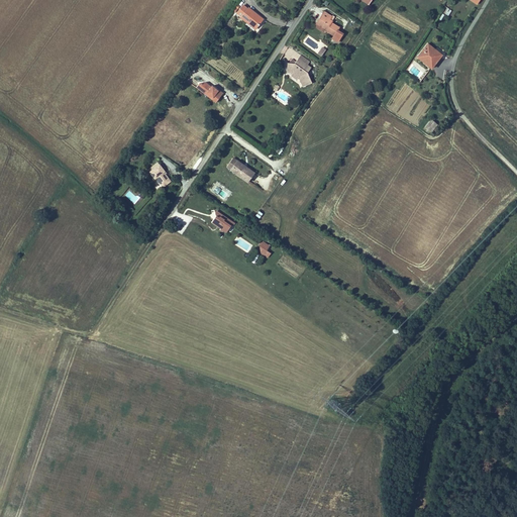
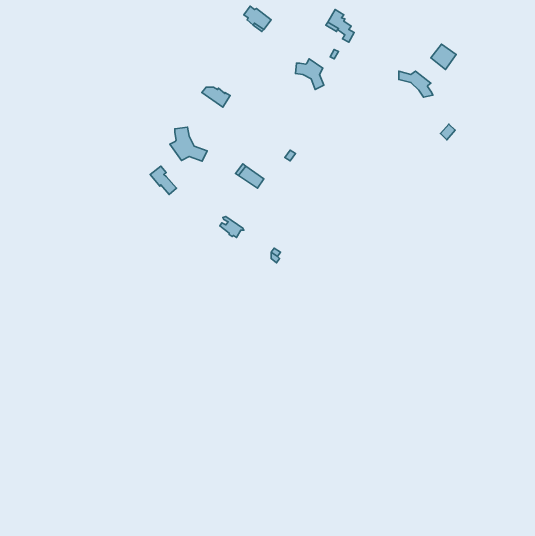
building: none -> [399,71,433,97]
building: none -> [170,127,207,161]

